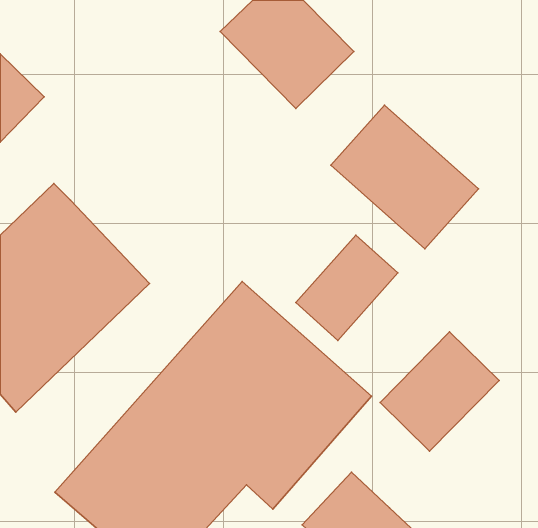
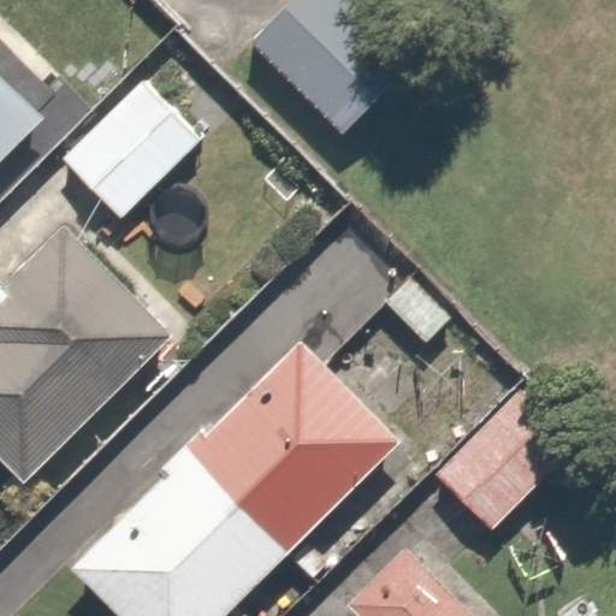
building: none -> [63,83,199,219]
building: [331,105,479,249] -> none

